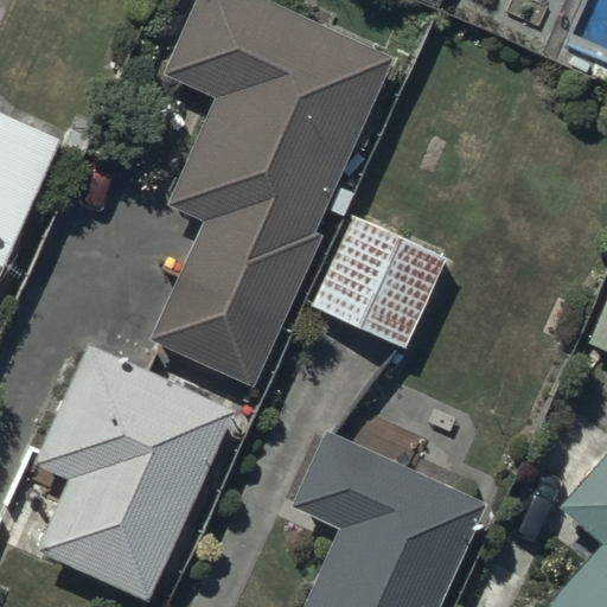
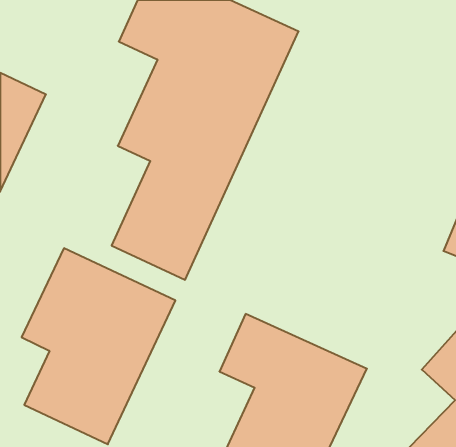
building: [314,217,449,351] -> none

